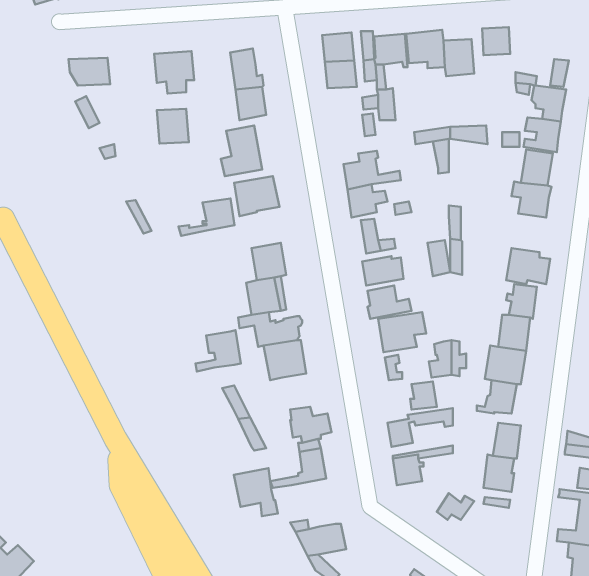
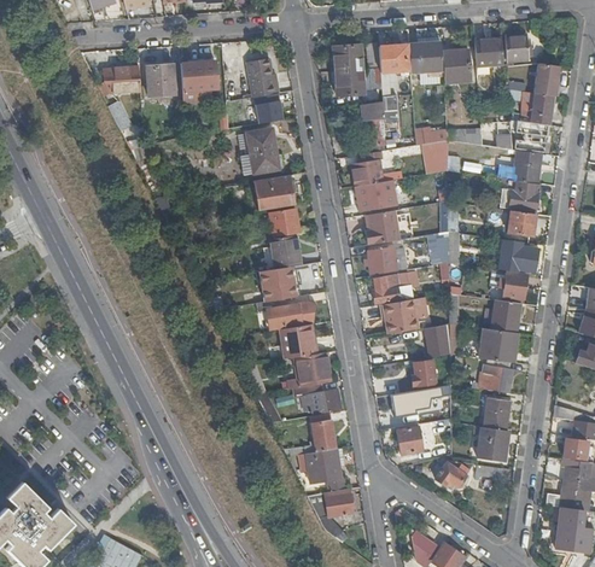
building: none -> [503,36,531,60]
building: [157,109,189,144] -> [145,64,174,95]
building: [178,198,234,236] -> [247,207,298,241]
building: none -> [498,207,535,235]
building: [196,330,241,371] -> [286,351,327,388]
building: [234,468,278,516] -> [304,448,344,491]

